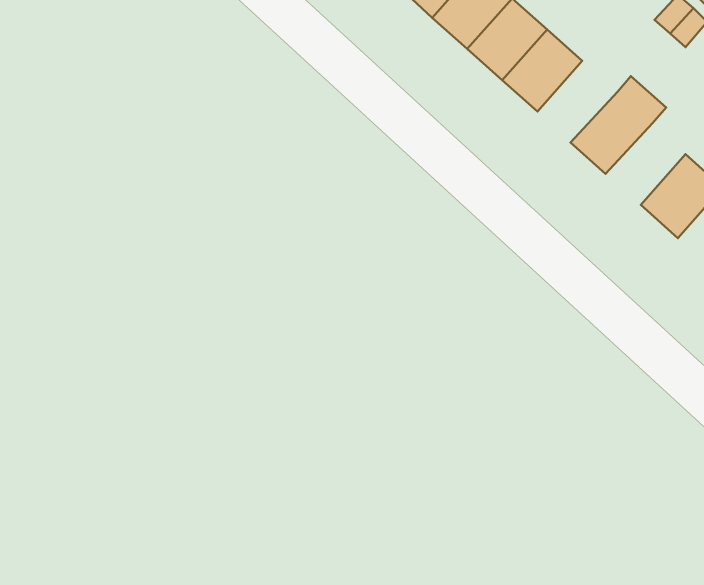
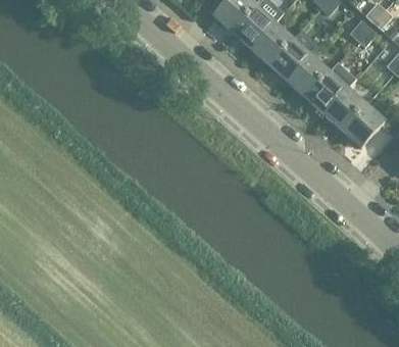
building: none -> [288,54,330,97]
building: none -> [323,87,365,130]

